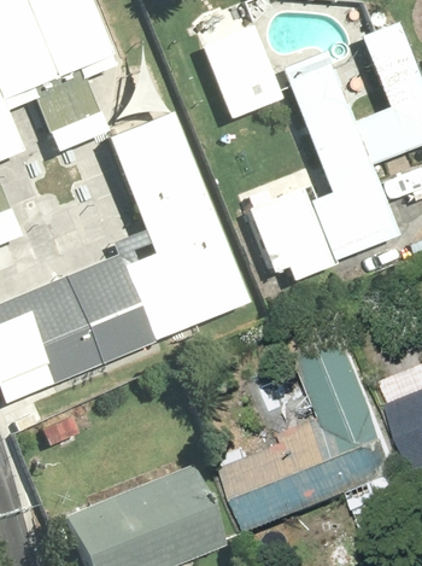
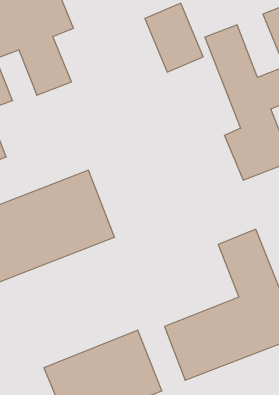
building: [106,106,251,329] -> none
building: [246,181,335,278] -> none

